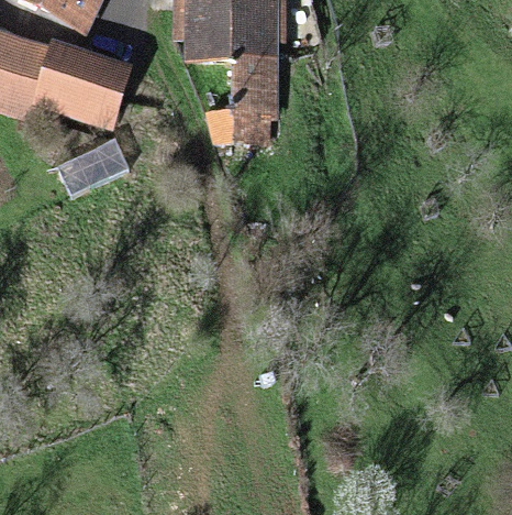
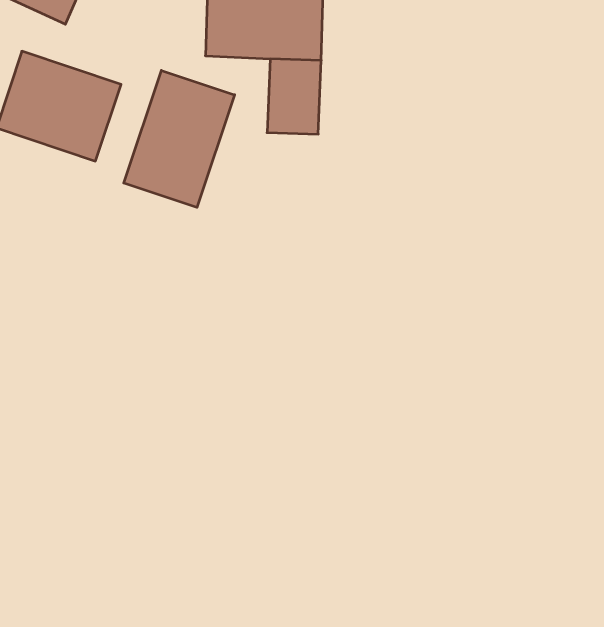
building: none -> [124,70,235,207]

